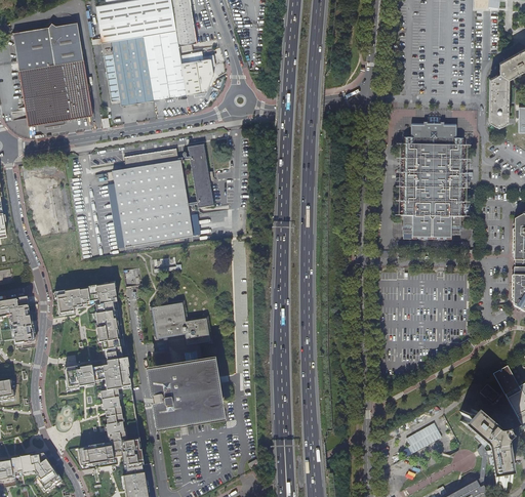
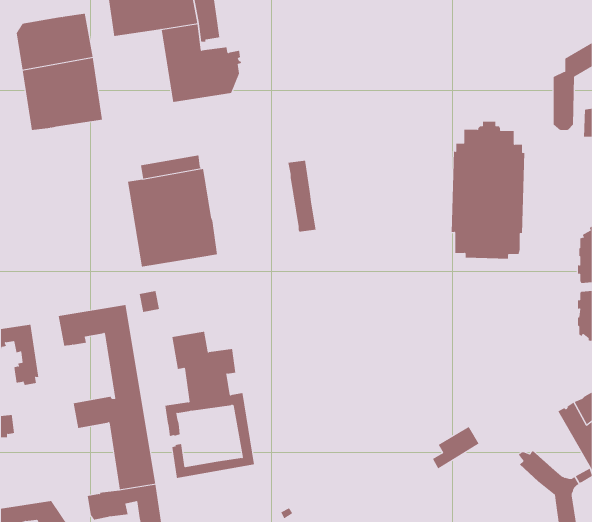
building: [100,36,153,106] -> none
building: [188,142,213,206] -> [287,160,316,232]
building: [152,368,214,422] -> none
building: [403,422,445,460] -> [432,426,480,469]

